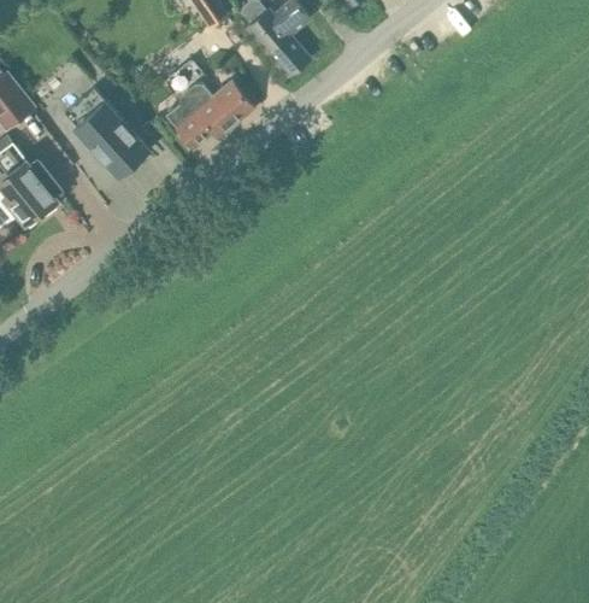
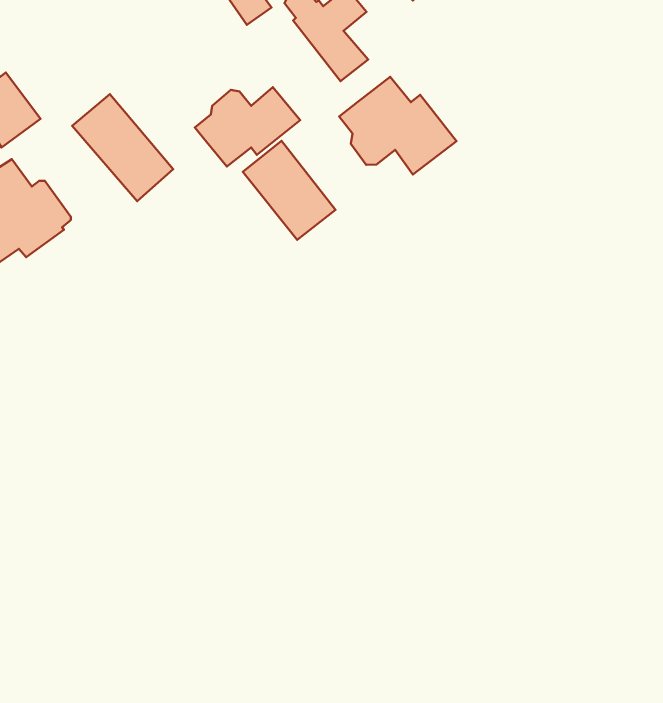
building: none -> [339,77,456,175]
building: none -> [243,141,335,240]

